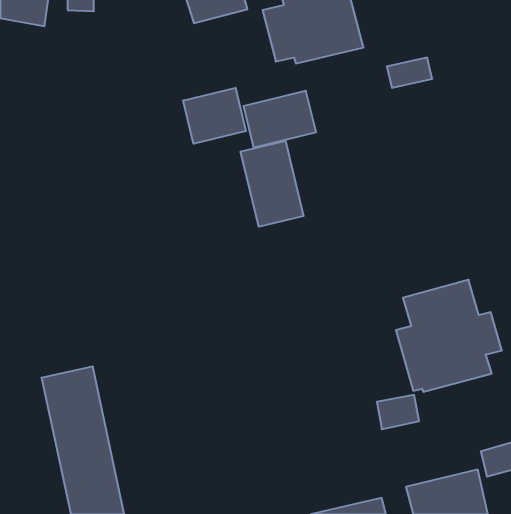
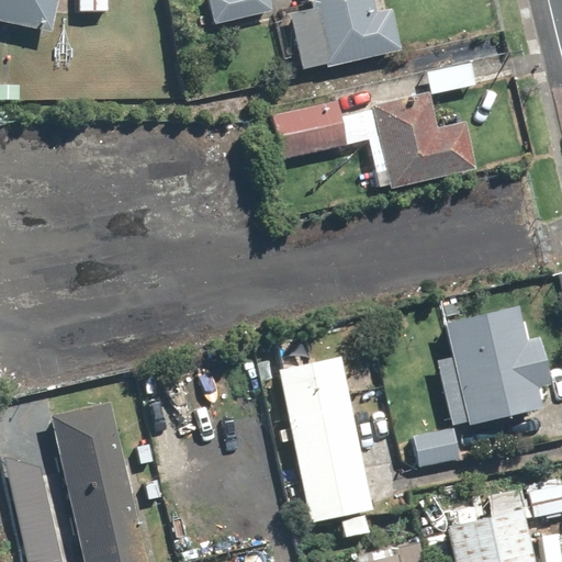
building: none -> [372,94,475,187]
building: [183,88,246,144] -> none
building: [241,141,304,227] -> none
building: none -> [277,356,374,525]

